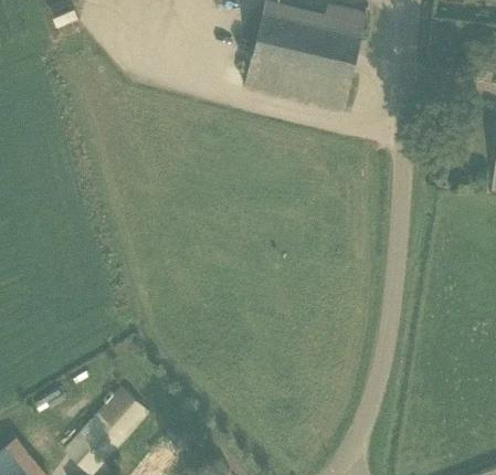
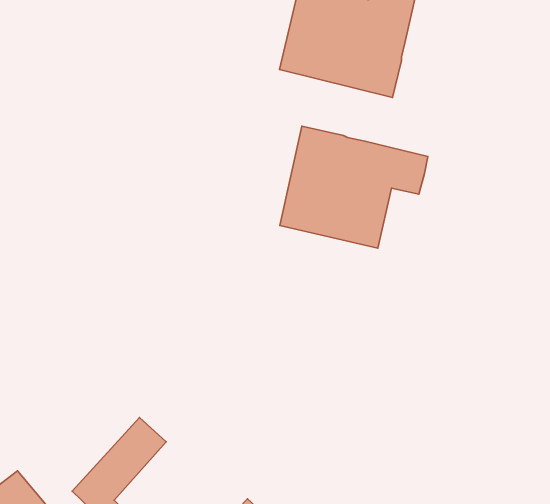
building: none -> [280,126,428,248]

